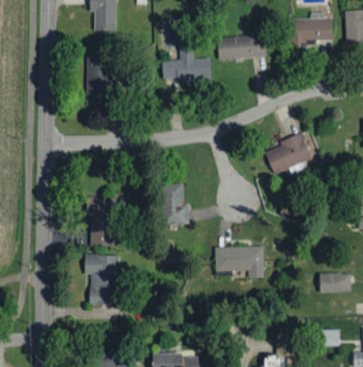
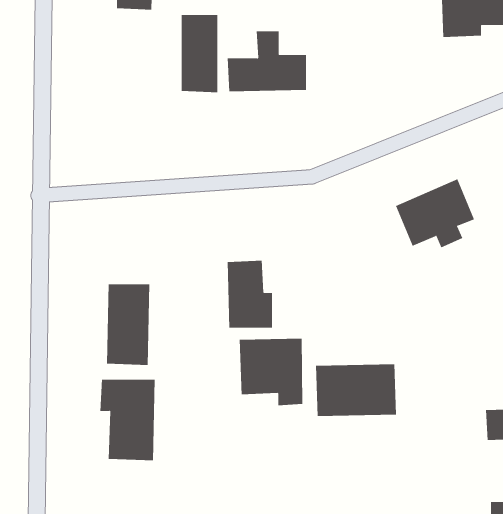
building: [217,35,266,59] -> none
building: [87,57,110,104] -> [181,15,218,93]
building: none -> [239,338,303,406]

